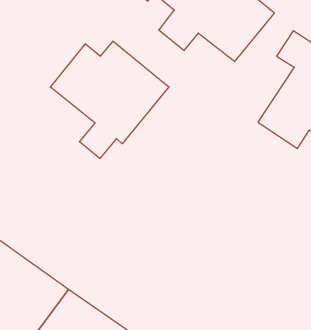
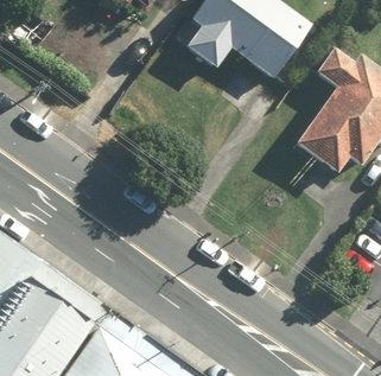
building: [50,41,169,159] -> none

